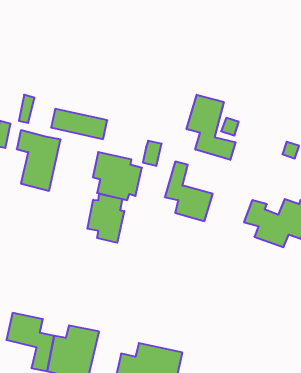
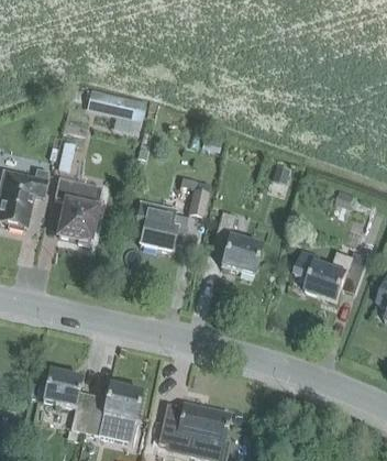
building: [187,95,236,160] -> none
building: [51,109,107,139] -> [85,90,144,122]
building: [87,194,124,243] -> none

